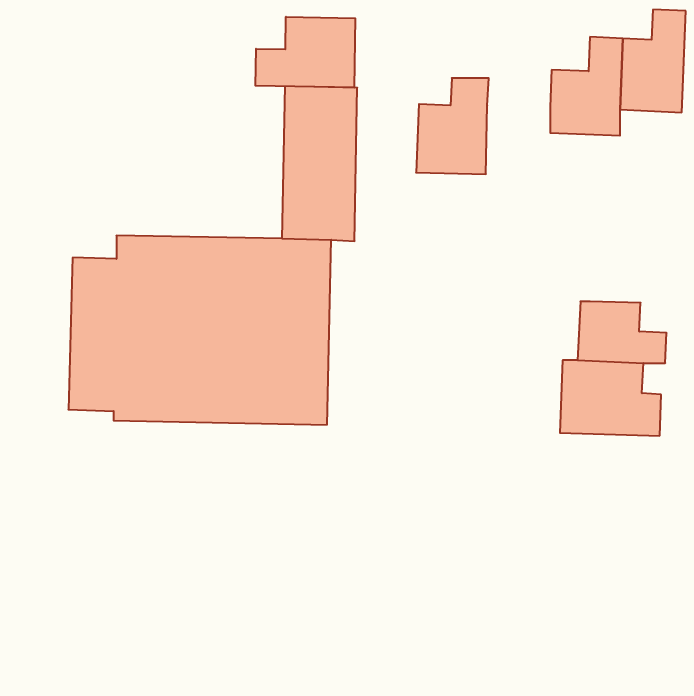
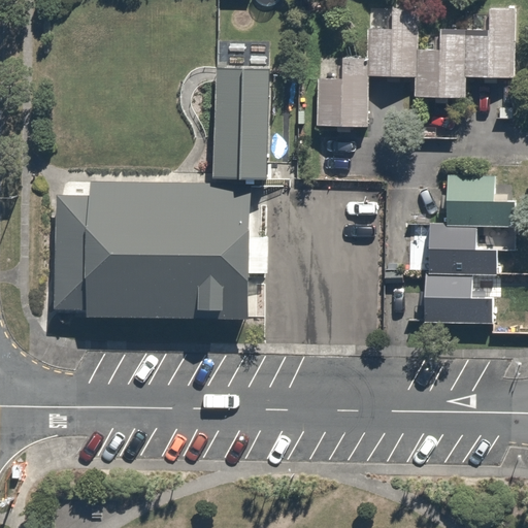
building: none -> [367,7,417,80]
building: [255,17,355,88] -> none
building: none -> [444,173,519,229]

